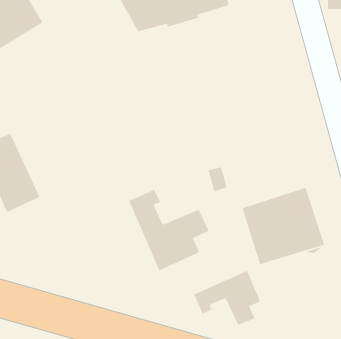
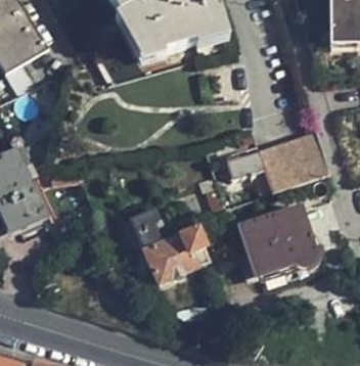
building: none -> [229,134,329,192]
building: [193,270,261,326] -> none

